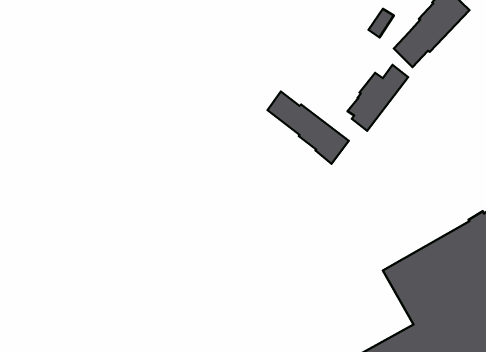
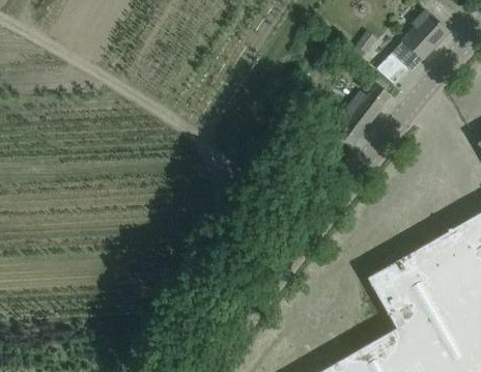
building: [268,92,349,164] -> none

